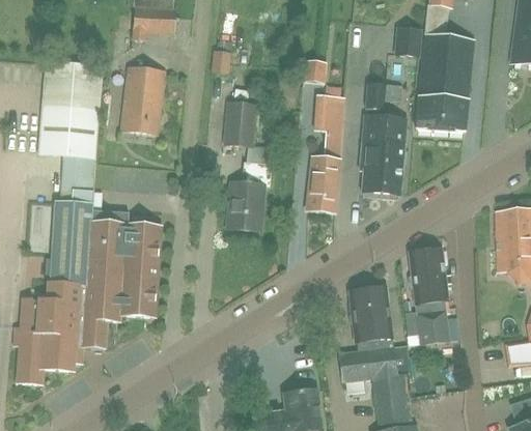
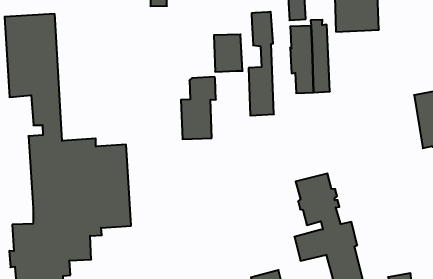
building: [120,67,165,134] -> none
building: [223,102,257,146] -> [214,34,243,72]
building: [406,248,452,342] -> none

